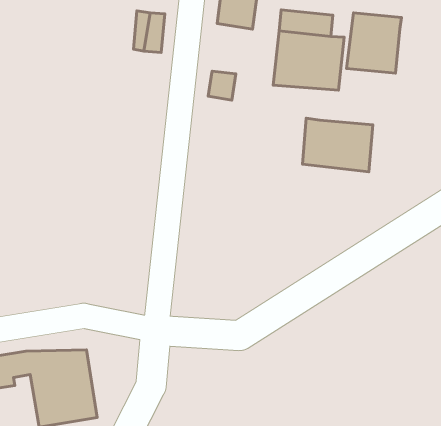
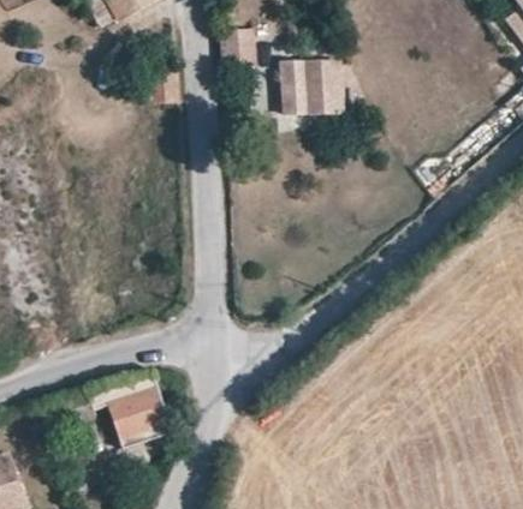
building: [346,13,401,73] -> none
building: [302,118,373,172] -> none

